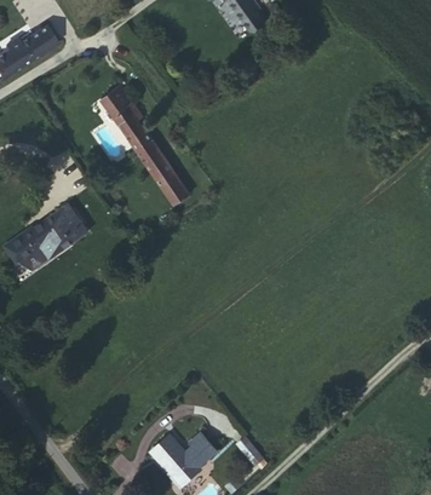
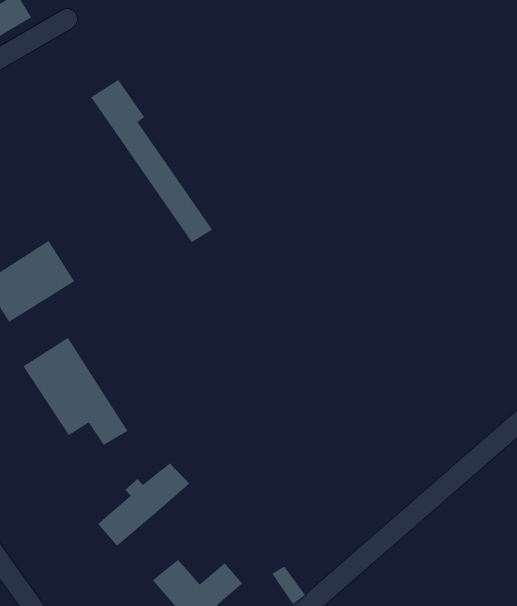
building: none -> [22,337,128,446]
building: none -> [97,462,190,547]

